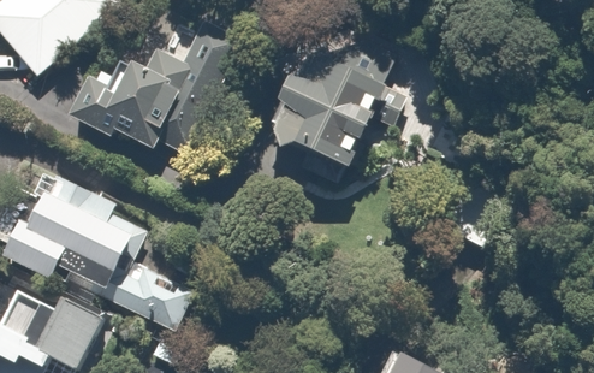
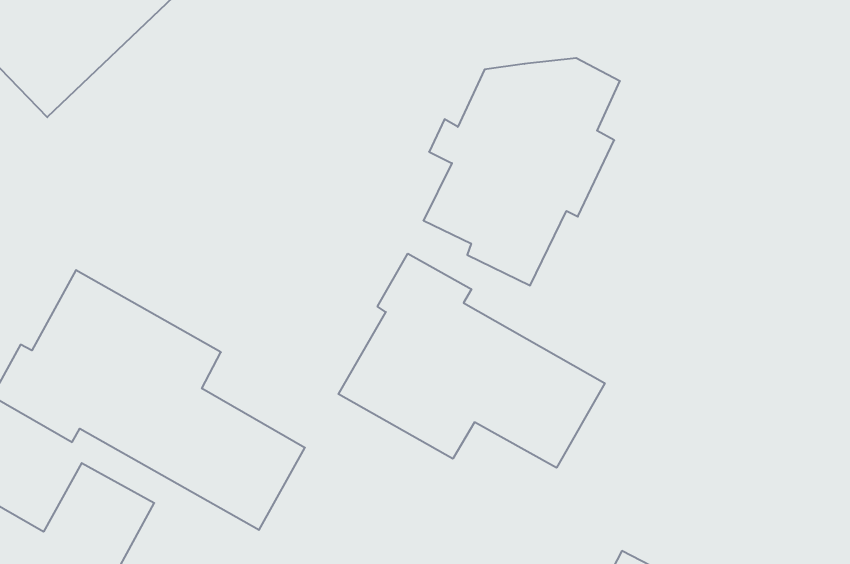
building: [66,11,234,153] -> none
building: none -> [338,254,605,468]

